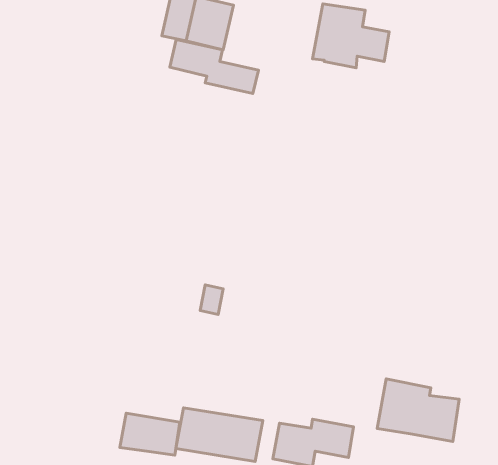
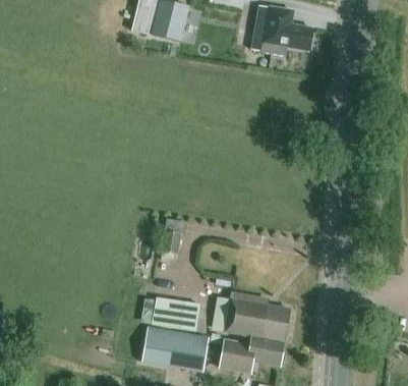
building: [170,40,259,94] -> none
building: [377,379,459,441] -> [225,292,290,342]
building: [120,413,180,455] -> [152,297,199,331]

